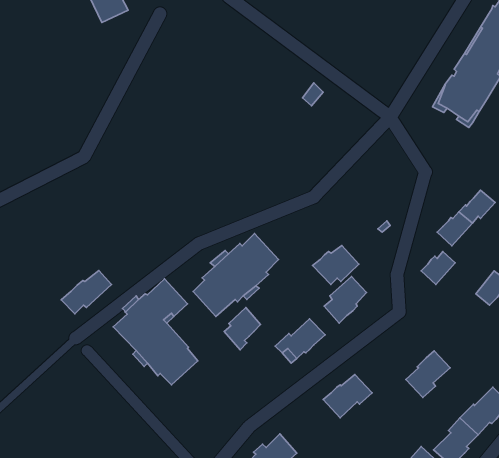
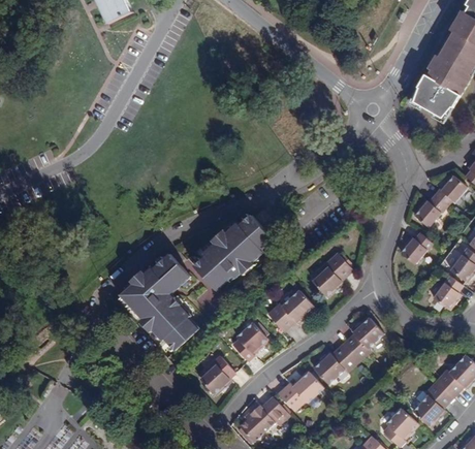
building: [313,246,359,285] -> none
building: [61,270,111,314] -> none
building: none -> [432,275,462,307]
building: [224,308,261,350] -> [234,324,267,362]
building: [406,351,450,398] -> [341,317,381,359]
building: none -> [199,357,233,394]
building: none -> [277,370,322,409]

